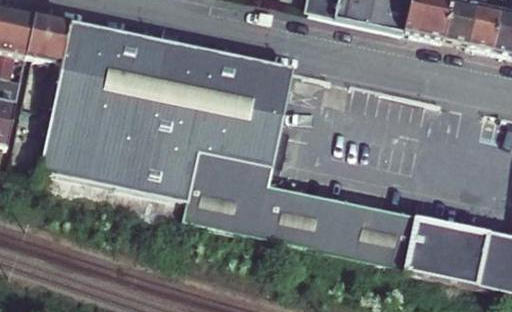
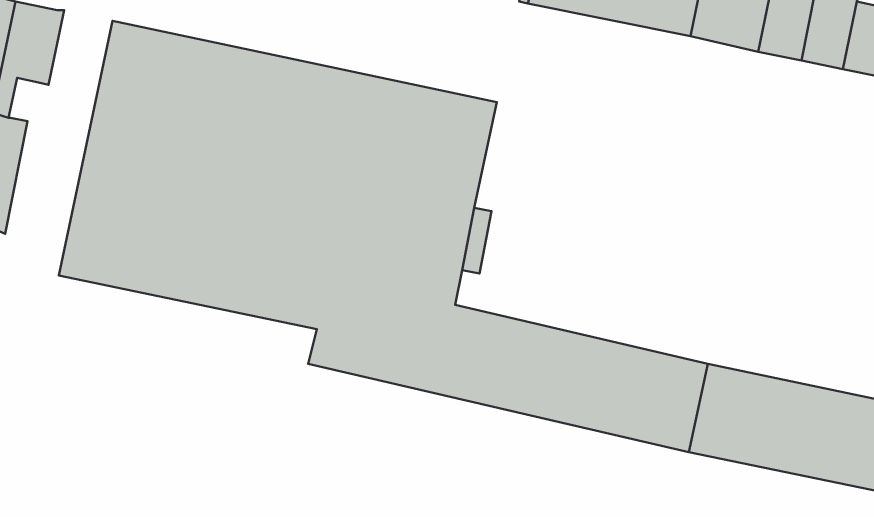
building: [32,14,69,63] -> none

